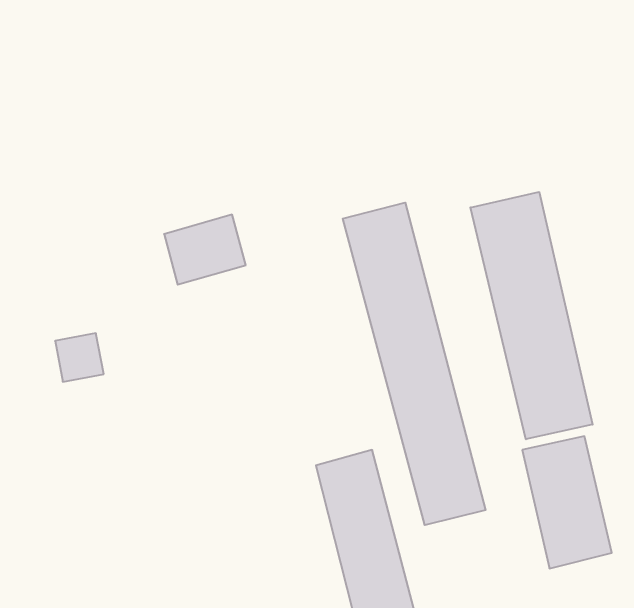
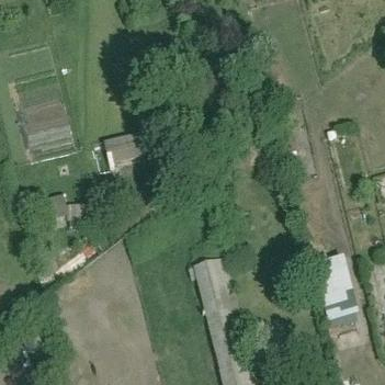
building: [470,192,593,439] -> none
building: [343,203,486,525] -> none

